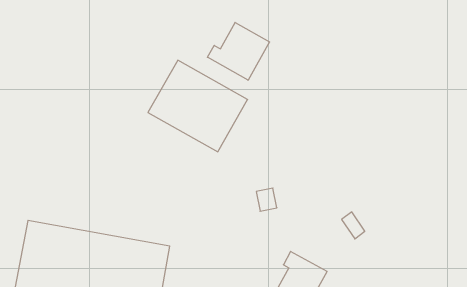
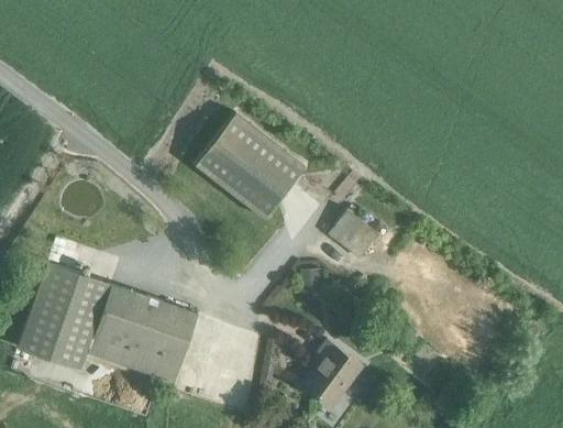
building: [207,22,270,80] -> none
building: none -> [329,210,378,259]

